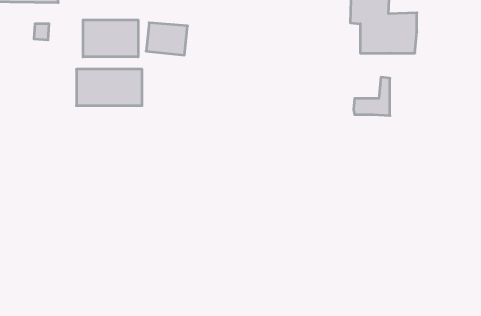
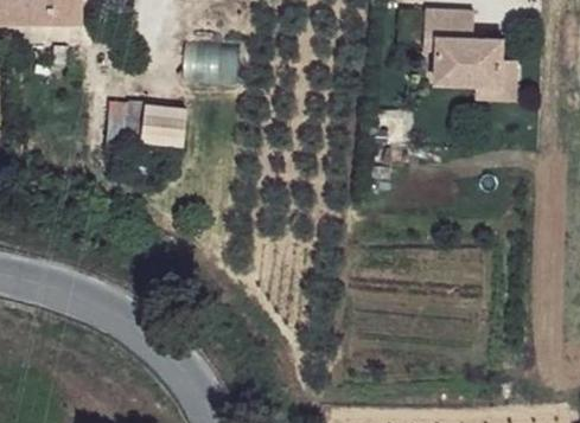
building: [83,20,138,57] -> none
building: [354,77,390,116] -> [472,59,515,104]

